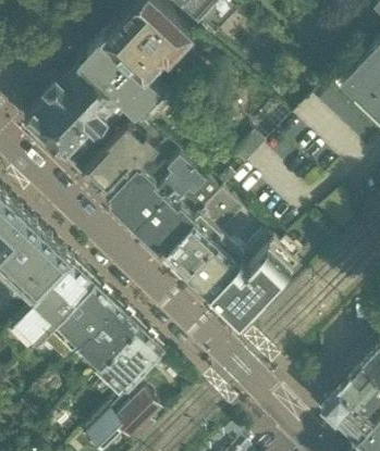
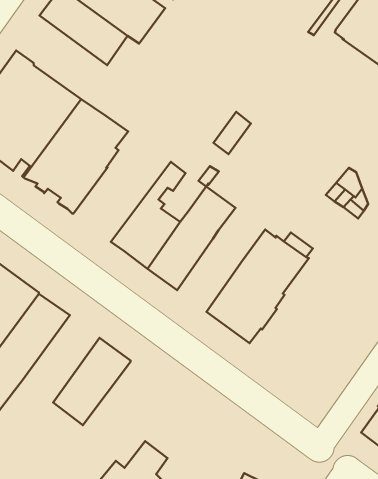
building: [78,36,168,125] -> none
building: [108,155,193,228] -> none
building: [184,237,241,296] -> none
building: [40,284,115,361] -> none
building: [93,328,161,398] -> none

